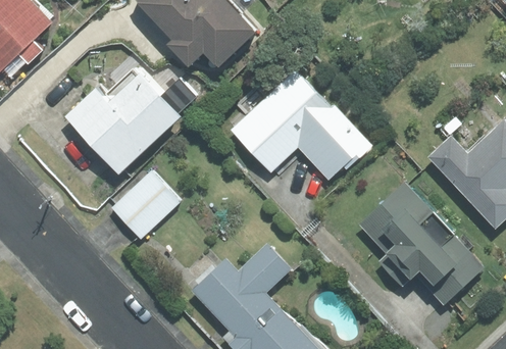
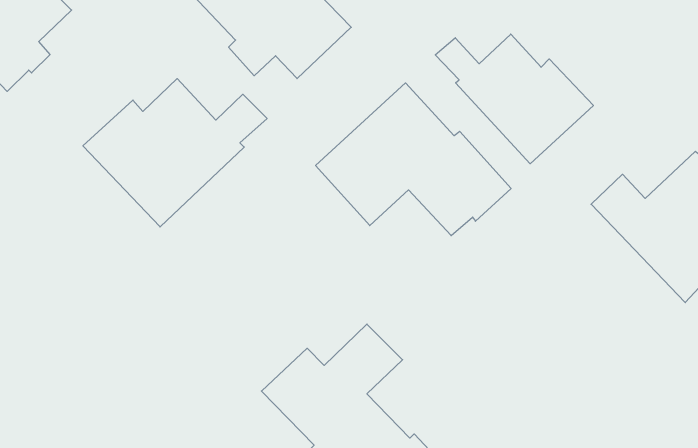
building: none -> [435,34,593,164]
building: [111,169,181,239] -> none
building: [359,183,485,306] -> none

